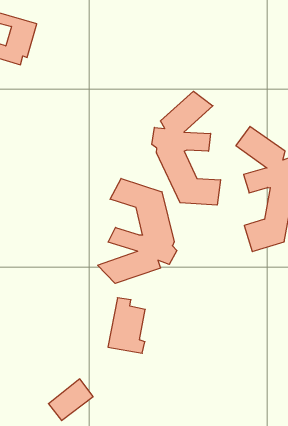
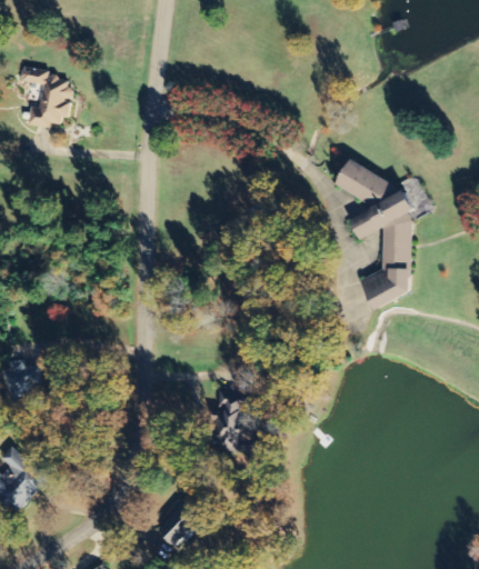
building: [152,91,221,205] -> none
building: [98,178,177,283] -> none

